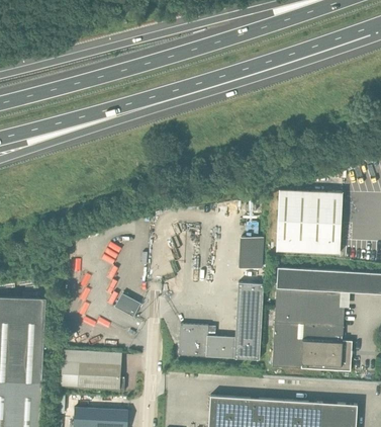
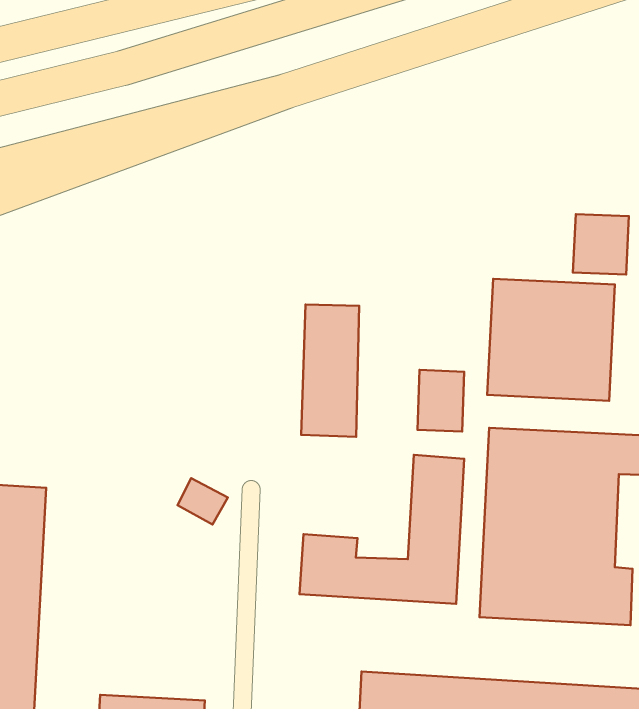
building: none -> [573,214,629,274]
building: none -> [301,304,359,437]
building: [61,350,124,392] -> none

